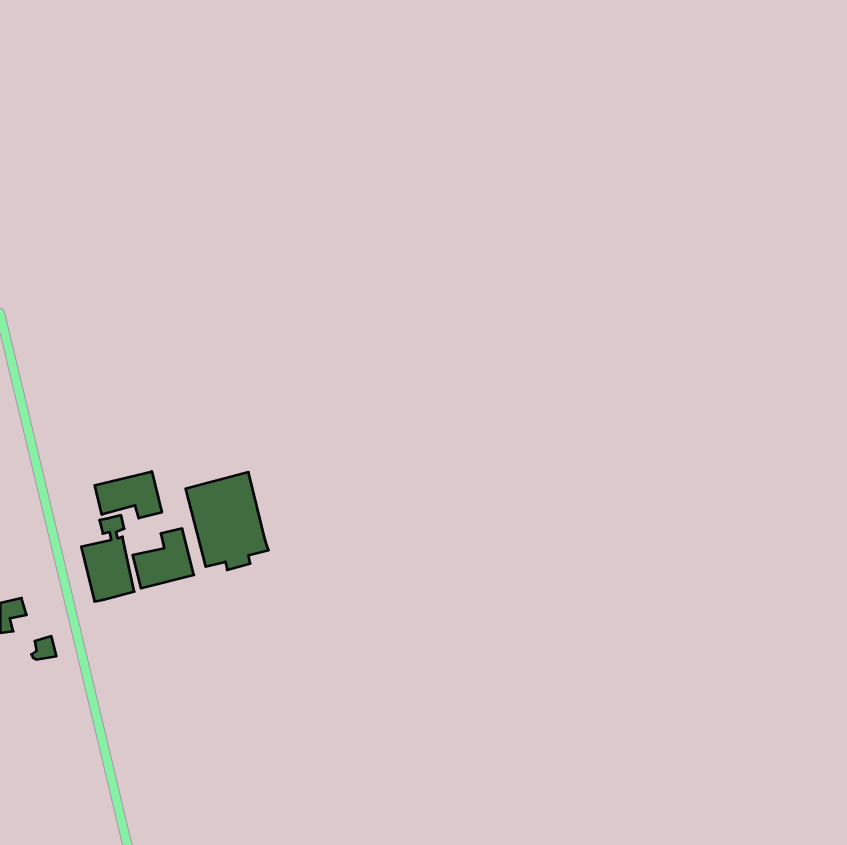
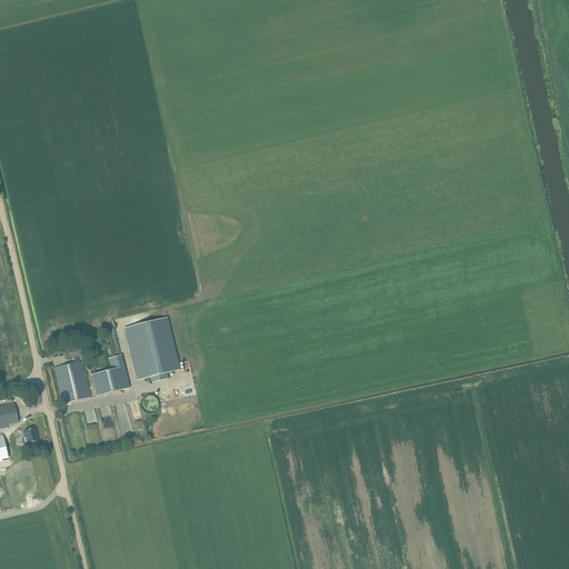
building: [95,471,162,518] -> none

